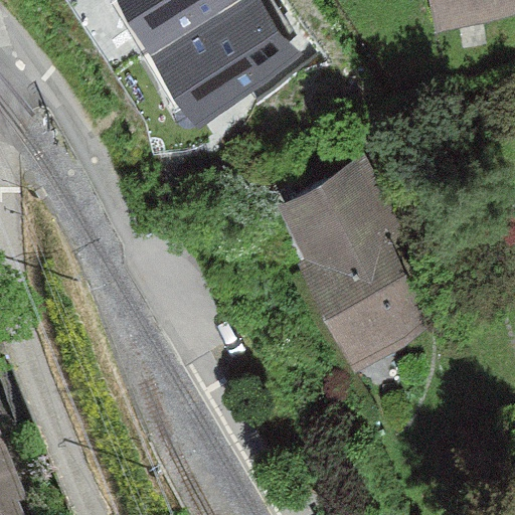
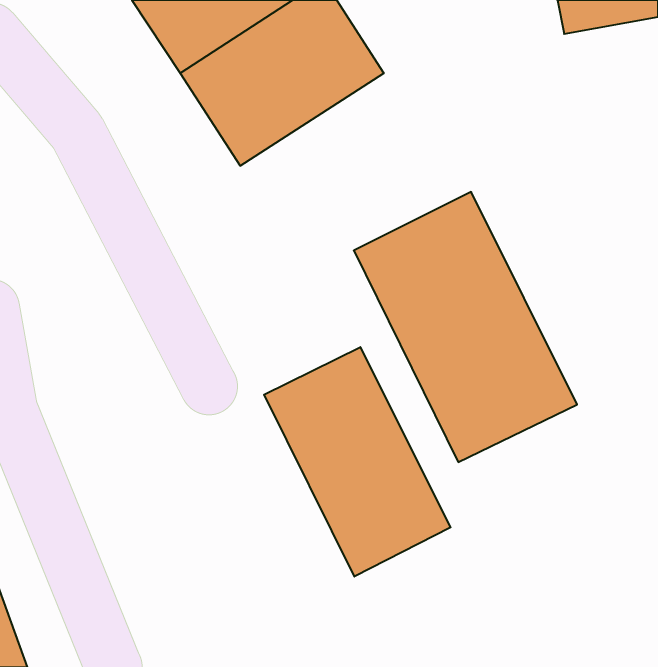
building: none -> [264,347,451,577]

